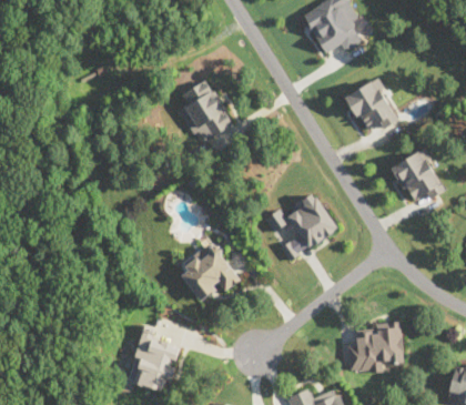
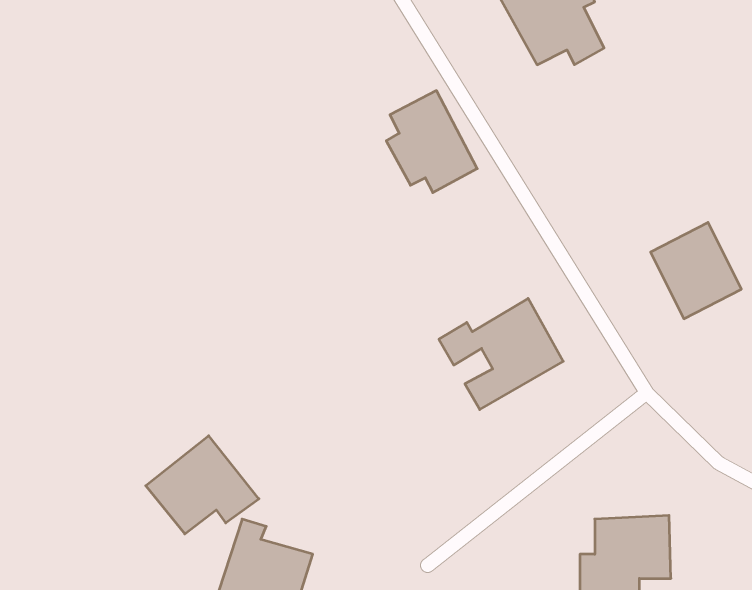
building: [344,78,401,131] -> none
building: [179,80,233,141] -> [386,91,477,193]
building: [175,241,243,300] -> [146,436,259,534]

